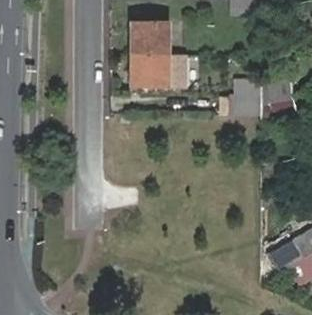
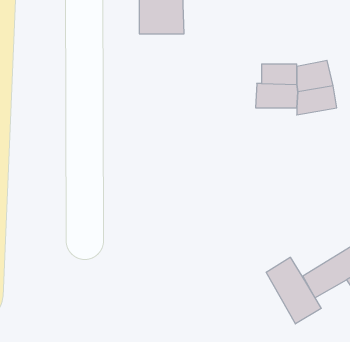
building: [133,54,187,87] -> none
building: none -> [266,257,321,324]

